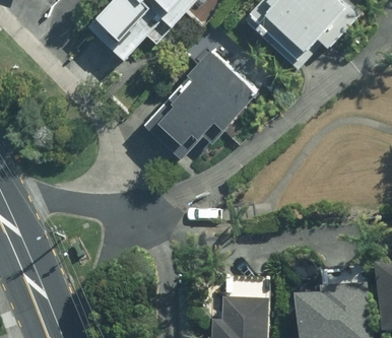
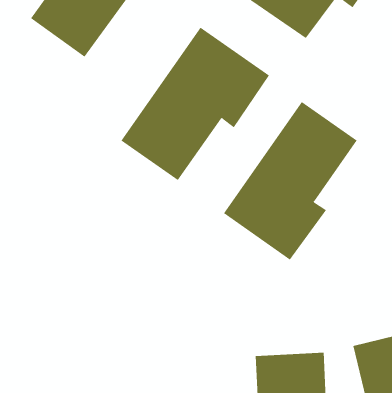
building: none -> [223,101,357,261]

